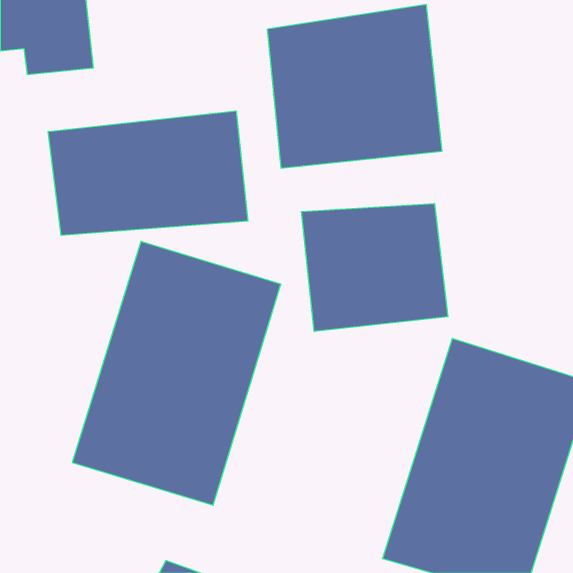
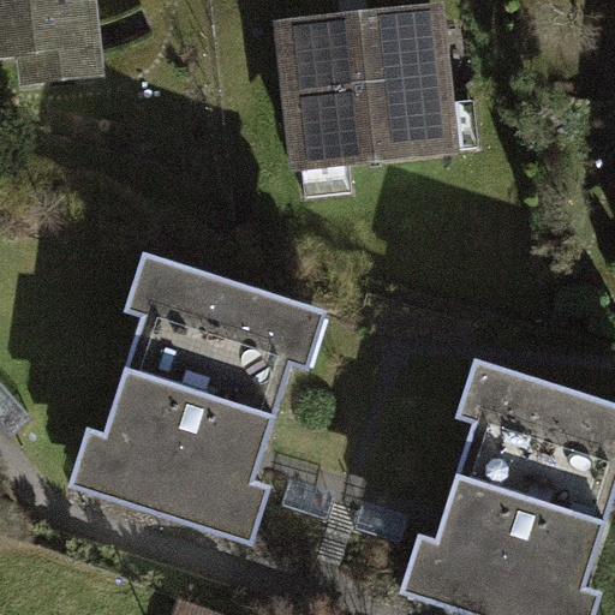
building: [48,111,248,235] -> none
building: [301,203,448,332] -> none

